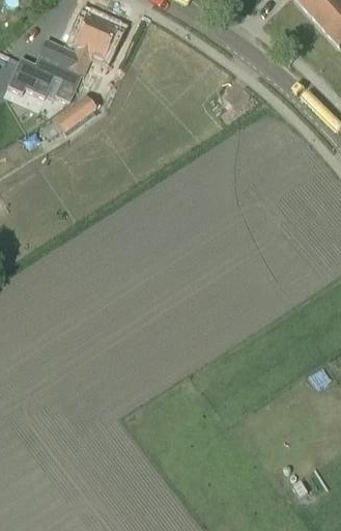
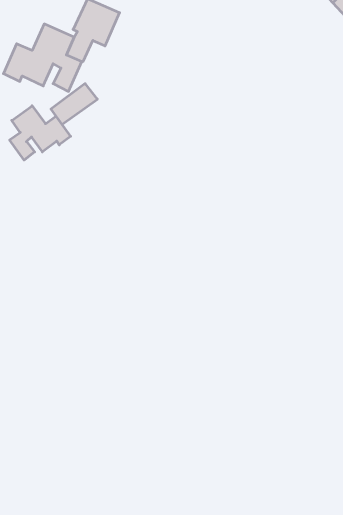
building: none -> [10,106,71,160]

